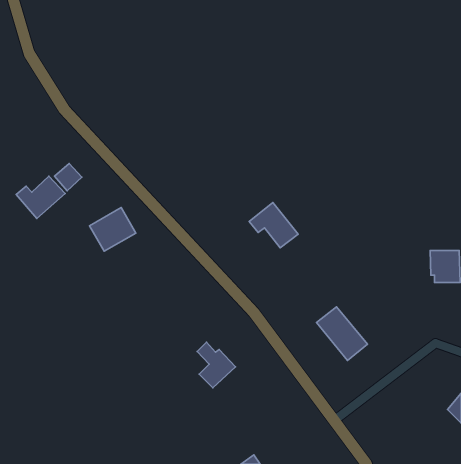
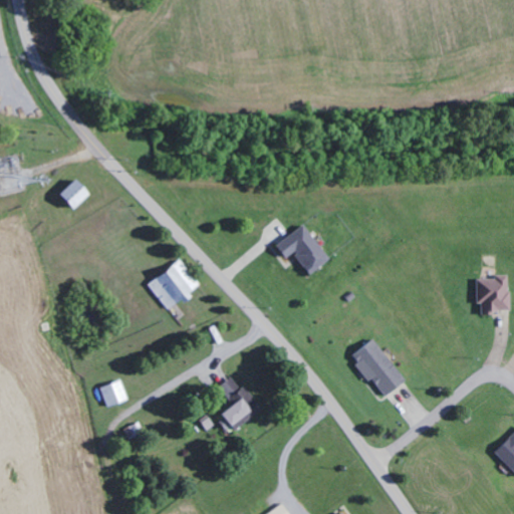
building: [16,176,65,218] -> none
building: [89,208,136,251] -> [147,262,198,310]
building: none -> [99,380,126,409]

